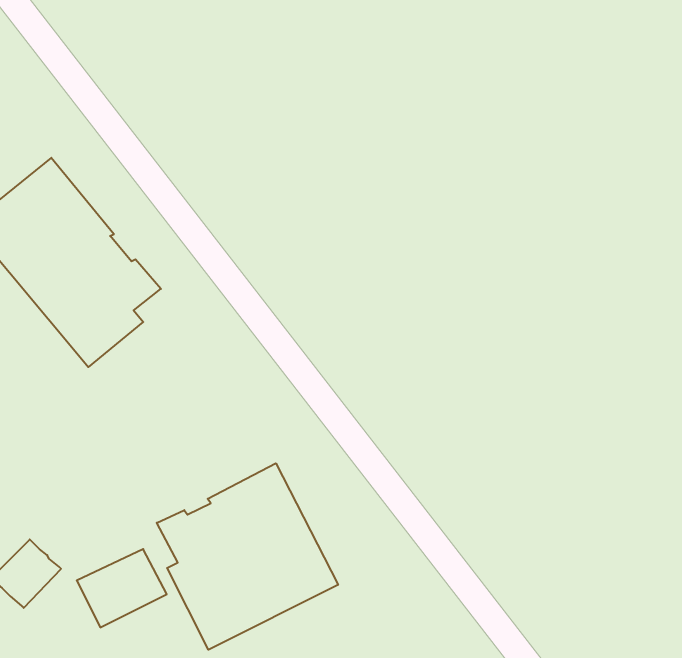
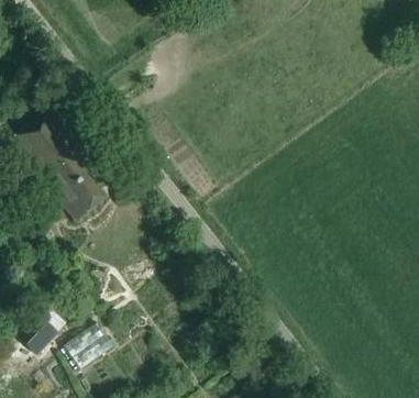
building: [157,463,338,650] -> none

